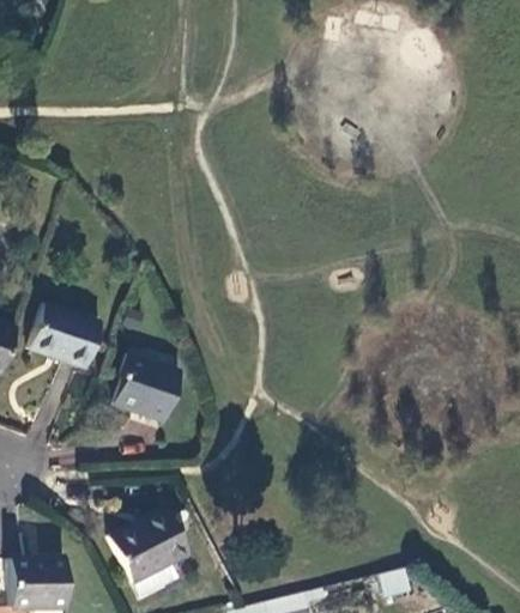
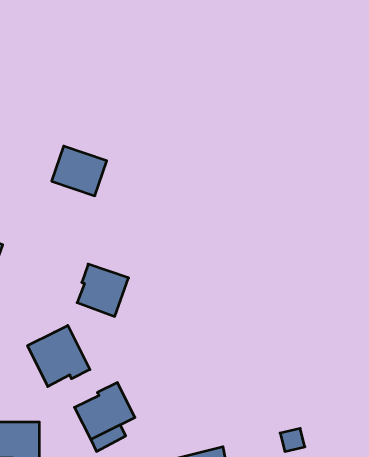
building: [30,304,102,369] -> [52,146,107,196]
building: none -> [28,325,90,387]

